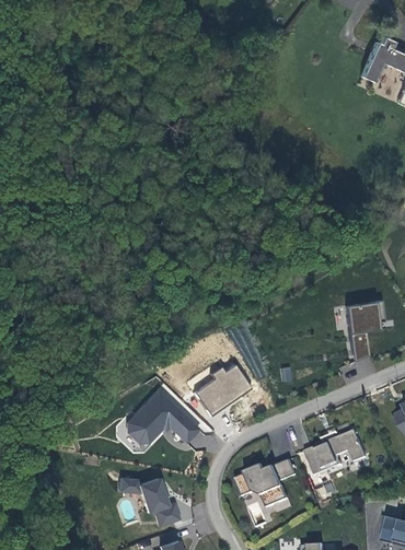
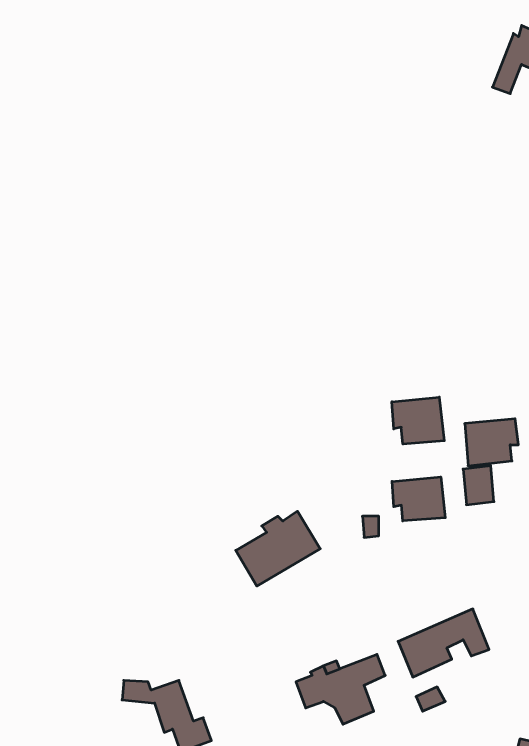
building: none -> [392,397,444,444]
building: none -> [392,477,445,521]
building: [121,385,205,449] -> none

